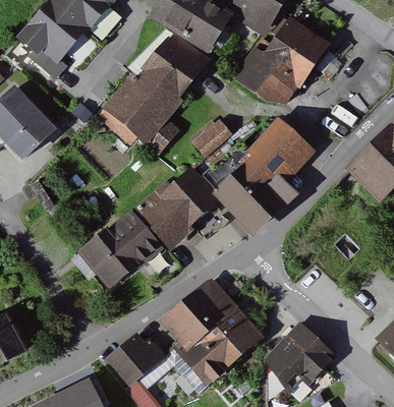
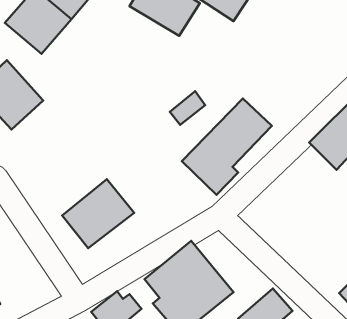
building: [236,24,328,111] -> none
building: [101,42,202,149] -> none
building: [127,171,210,249] -> none

